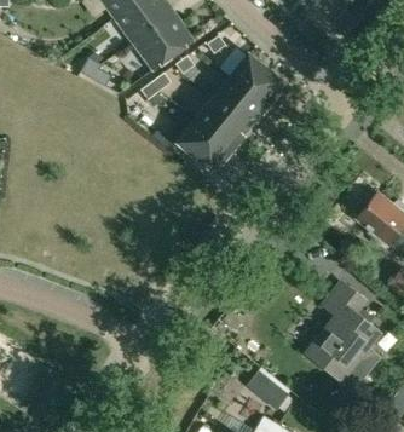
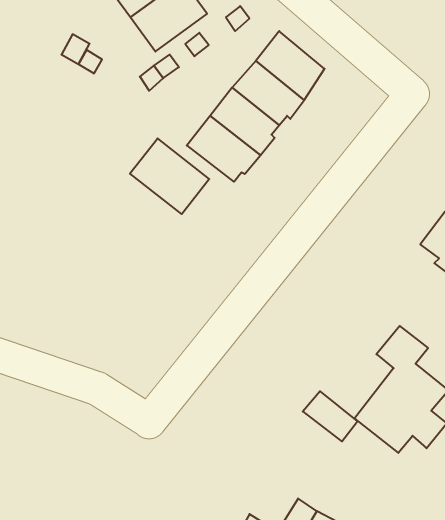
building: none -> [130,138,209,214]
building: [247,371,289,410] -> [303,391,358,441]

